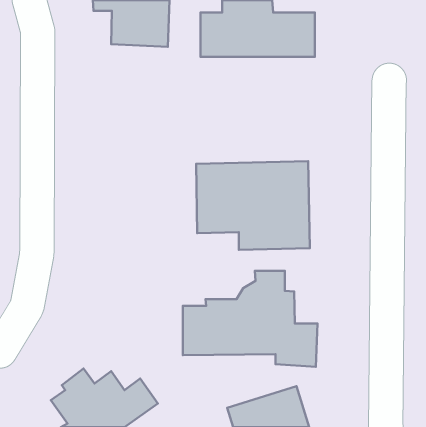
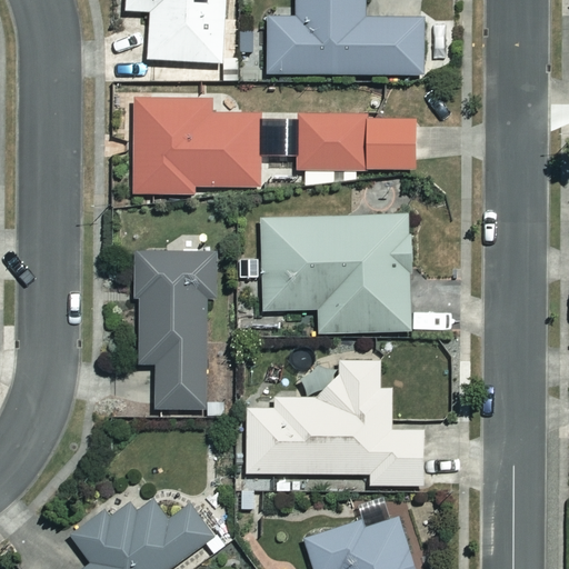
building: none -> [133,99,259,192]
building: none -> [296,111,412,183]
building: none -> [131,252,213,409]

